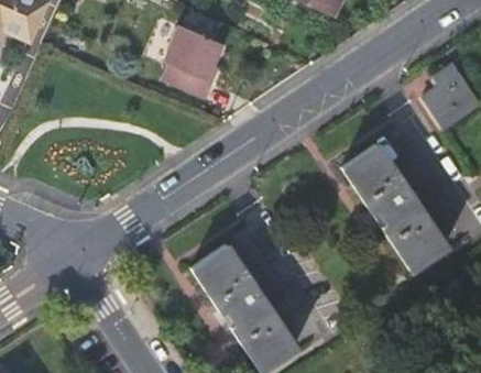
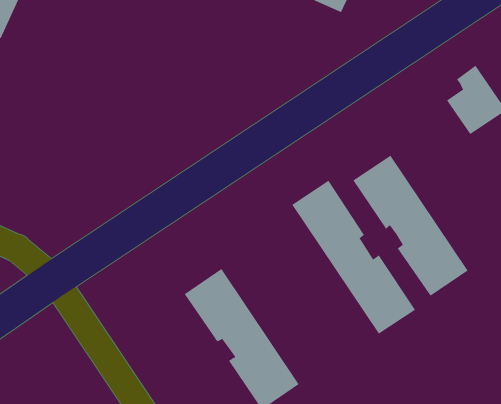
building: [164,28,222,100] -> none
building: none -> [292,180,416,335]

